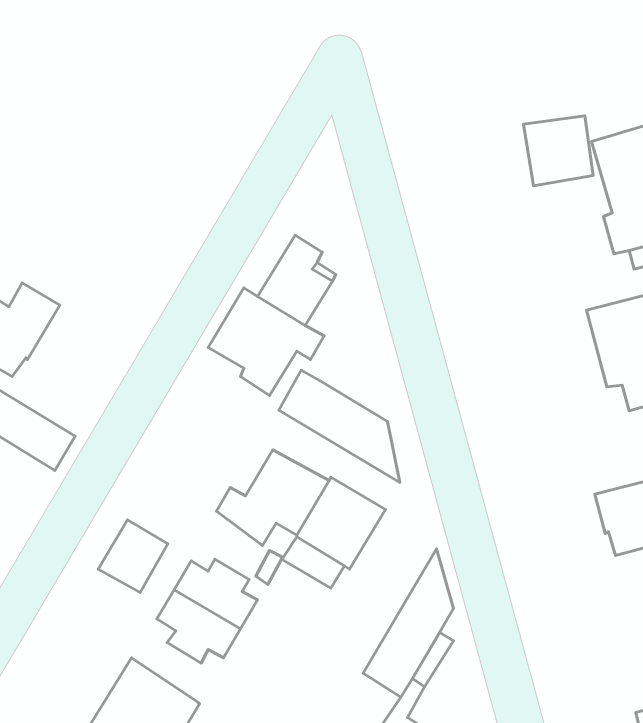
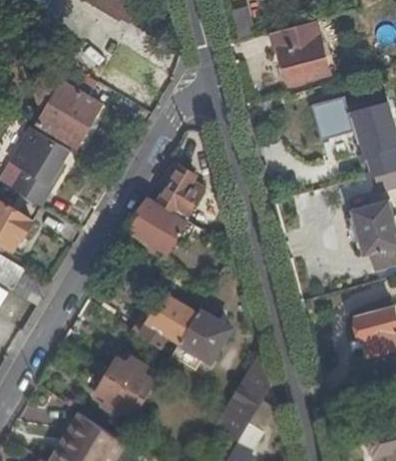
building: none -> [280,36,329,83]
building: none -> [36,67,106,150]
building: none -> [9,127,68,206]
building: [279,370,400,483] -> none
building: [98,520,168,592] -> none

